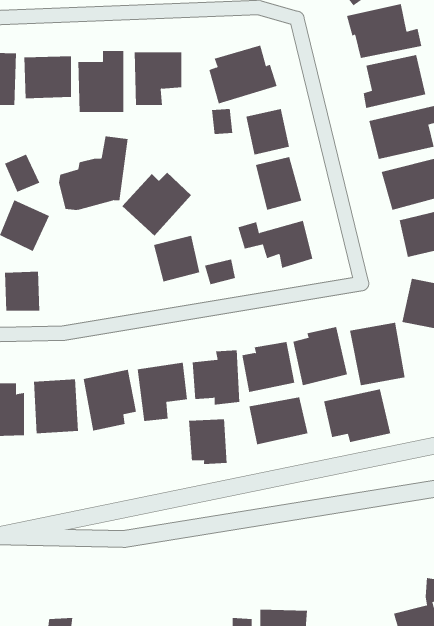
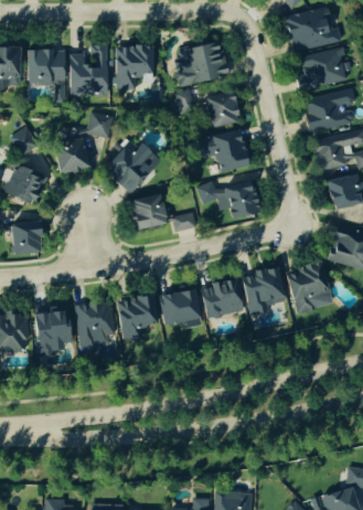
building: [324,389,391,443] -> none
building: [249,396,308,445] -> none
building: [189,418,227,465] -> none

